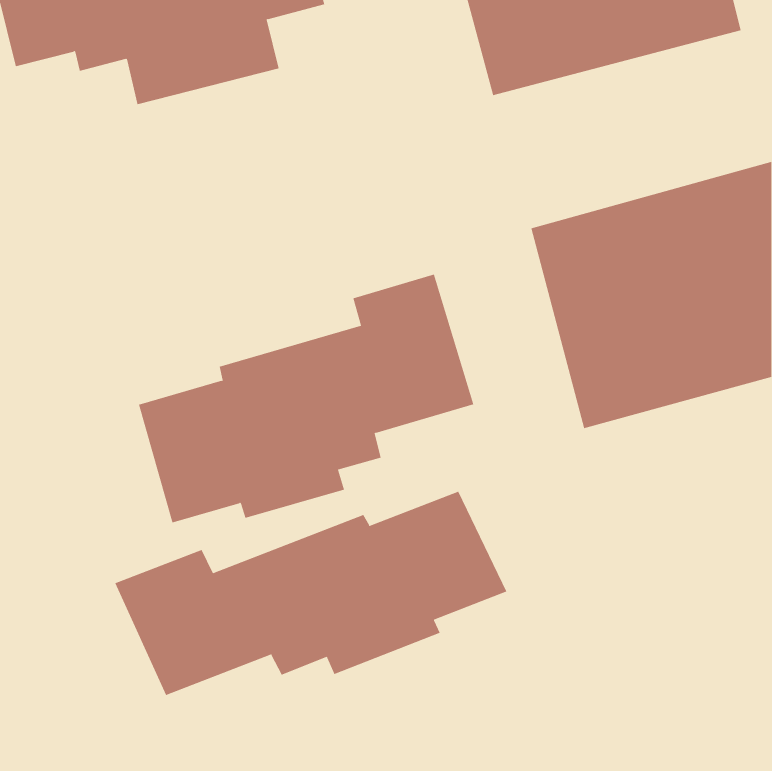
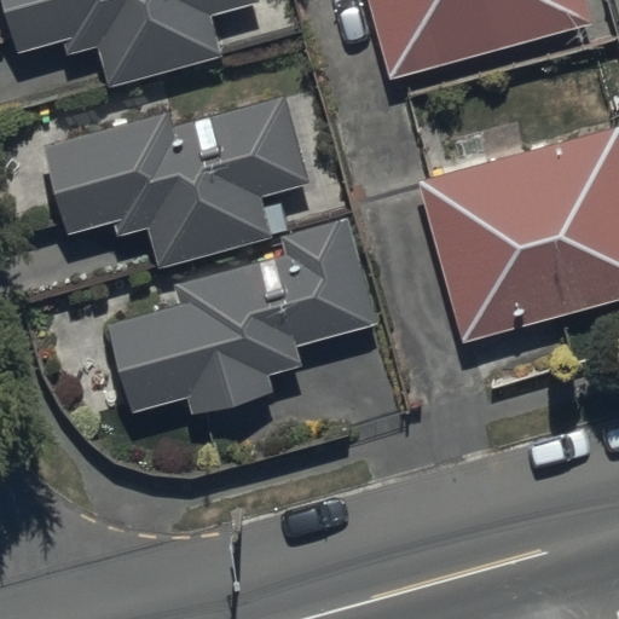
building: none -> [45,99,312,266]
building: [115,491,507,696] -> none

